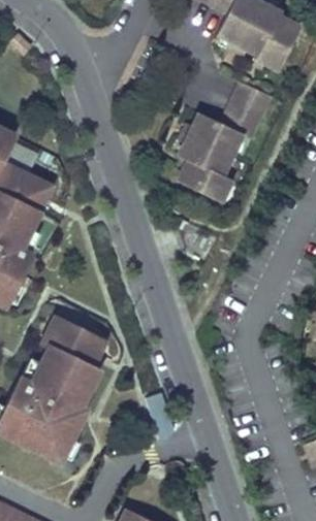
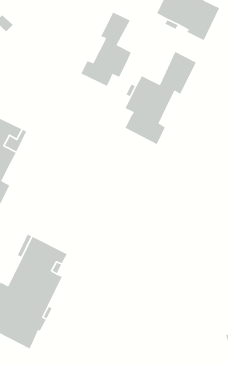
building: none -> [80,12,132,87]

